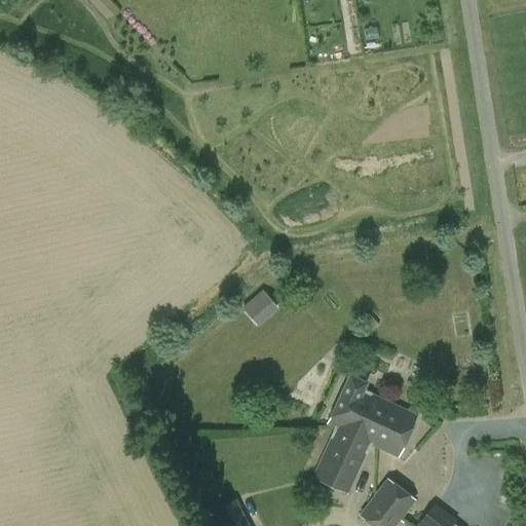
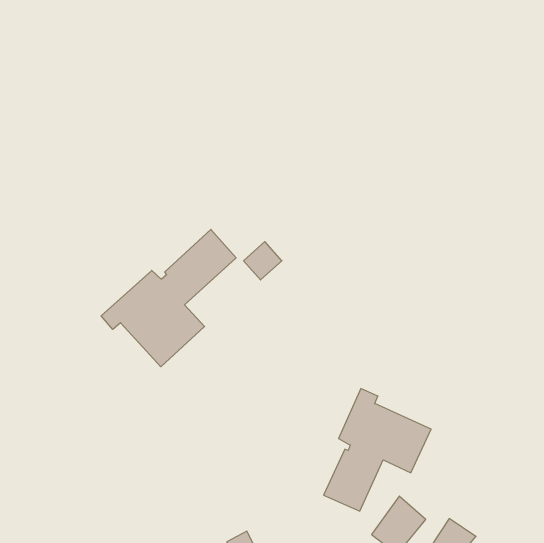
building: none -> [101,229,236,367]
building: [243,289,280,326] -> [244,242,282,280]

